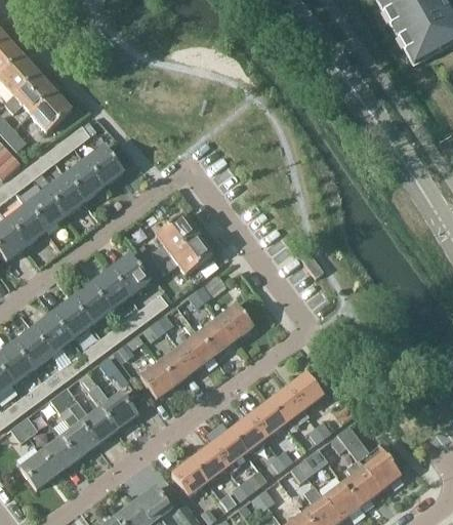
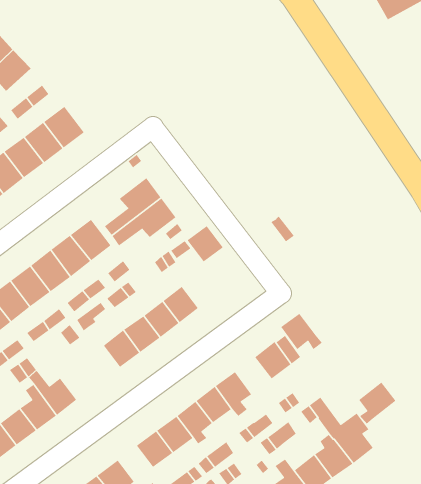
building: [215,305,251,340] -> [186,225,224,262]
building: [78,372,135,429] -> none
building: [266,388,307,423] -> [280,313,323,350]
building: none -> [358,382,396,425]

